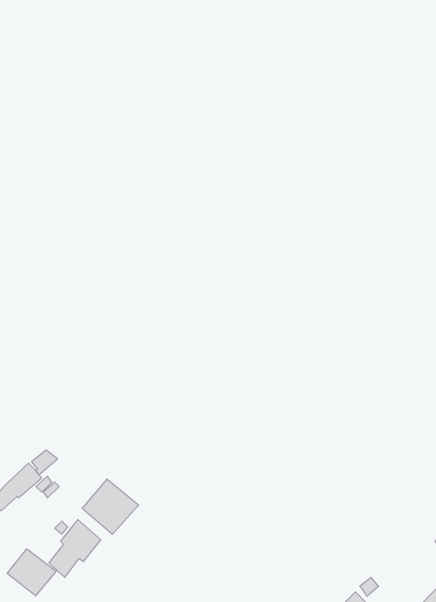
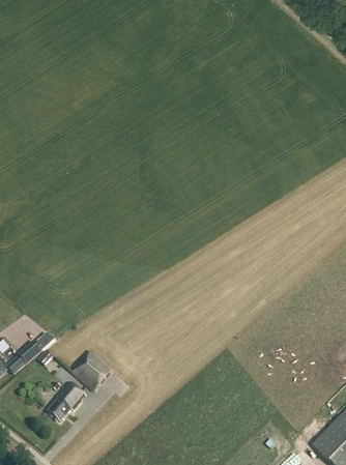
building: [7,549,56,596] -> none

